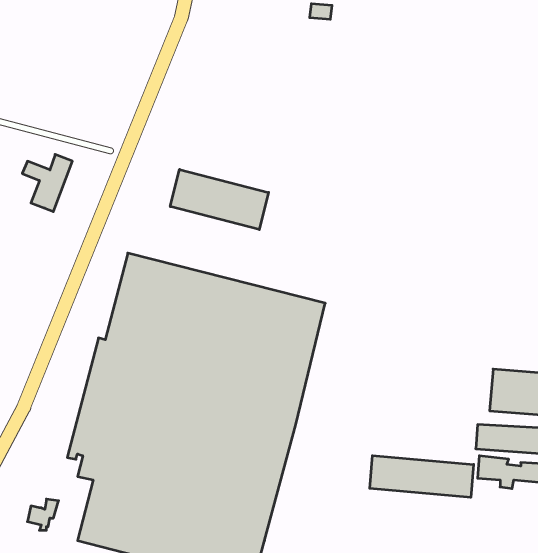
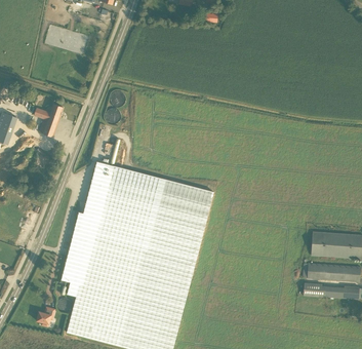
building: [170,169,269,230] -> none
building: [370,456,474,497] -> none

